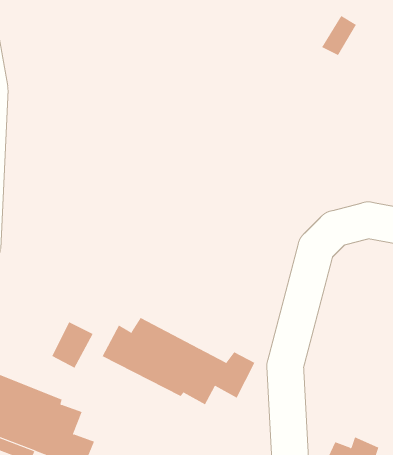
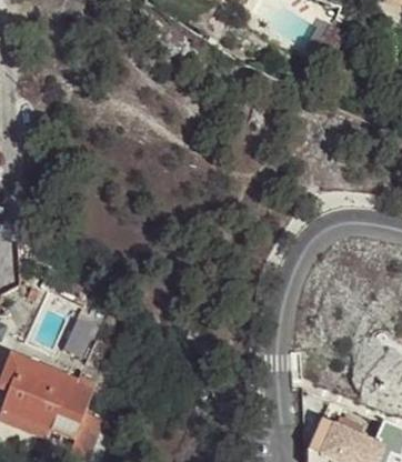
building: [102,317,255,405] -> none

